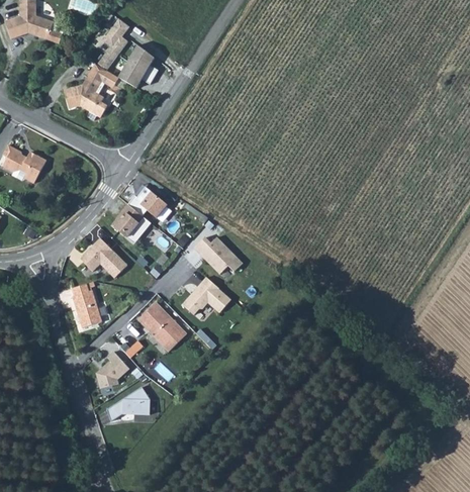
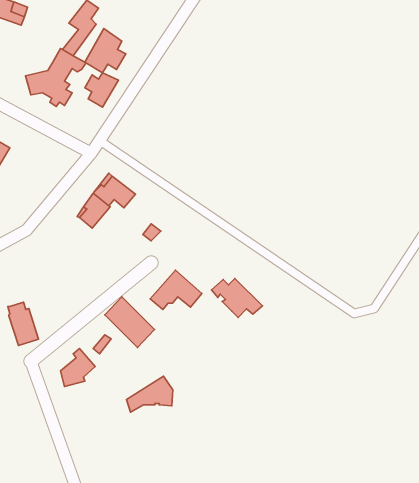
building: none -> [85,73,119,107]
building: [194,236,243,274] -> [212,278,262,317]
building: [80,237,127,277] -> none
building: [71,284,100,325] -> [8,302,38,345]
building: [107,386,152,420] -> [126,376,173,412]

